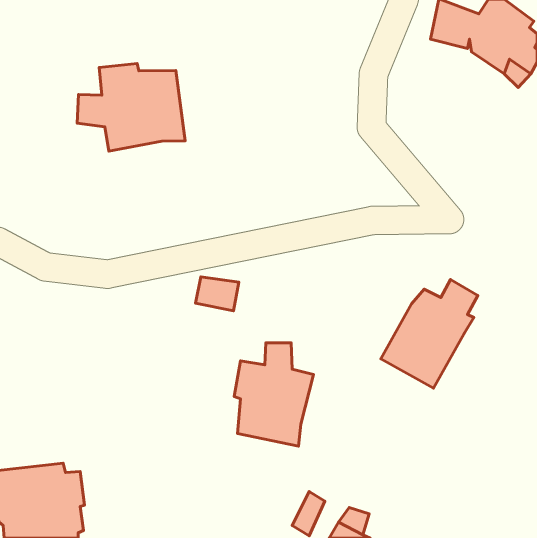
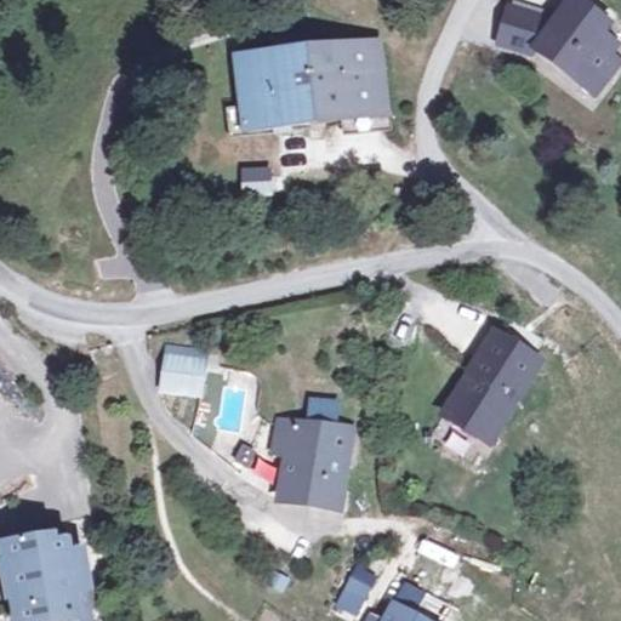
building: none -> [230,32,388,135]
building: [77,63,185,151] -> none
building: [195,277,239,311] -> [160,351,210,389]

